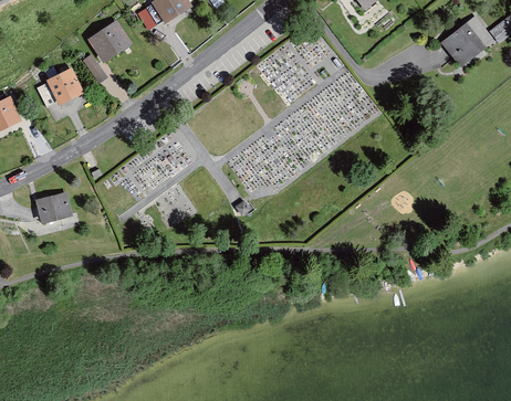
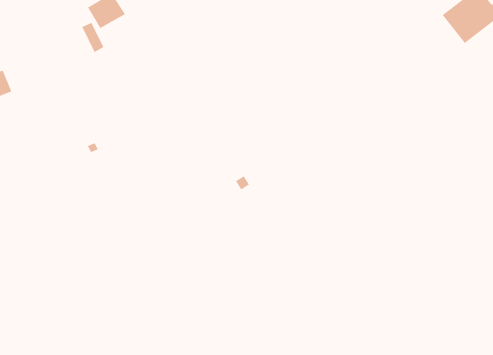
building: [40,73,73,106] -> none
building: [33,190,74,224] -> none

